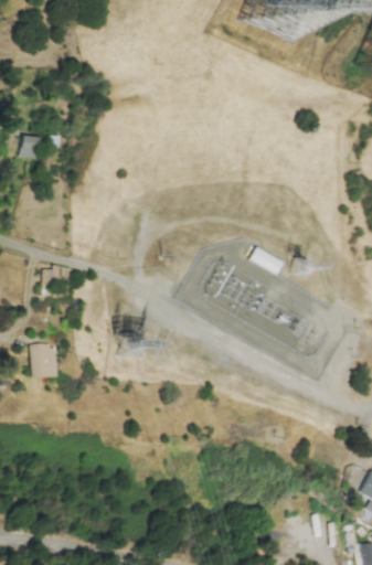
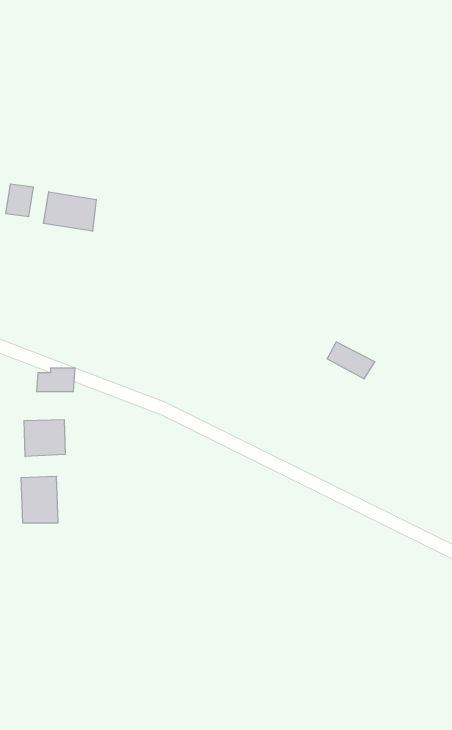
building: none -> [43,192,96,231]
building: none -> [24,420,65,457]

